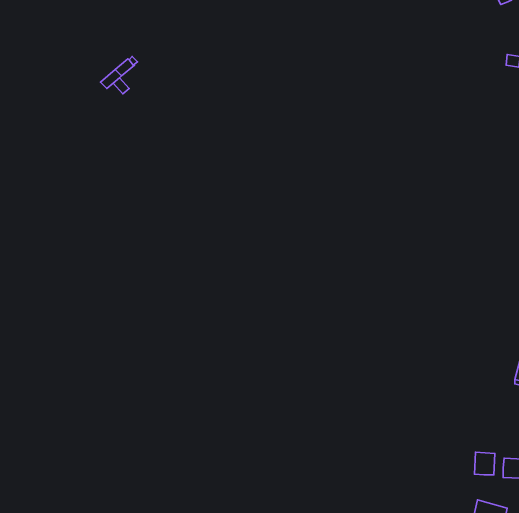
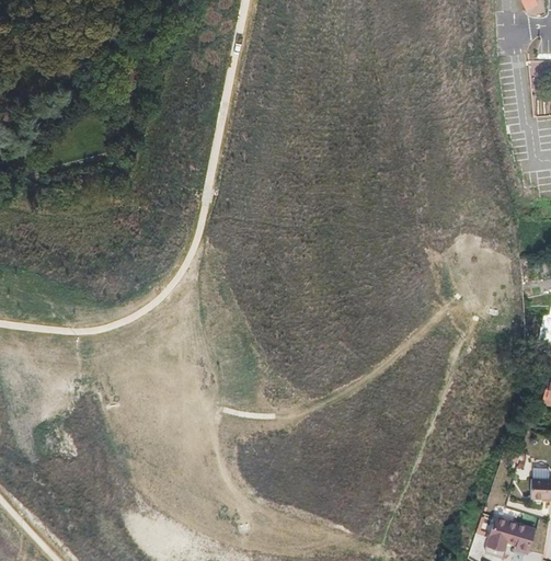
building: [474,452,495,475] -> none

